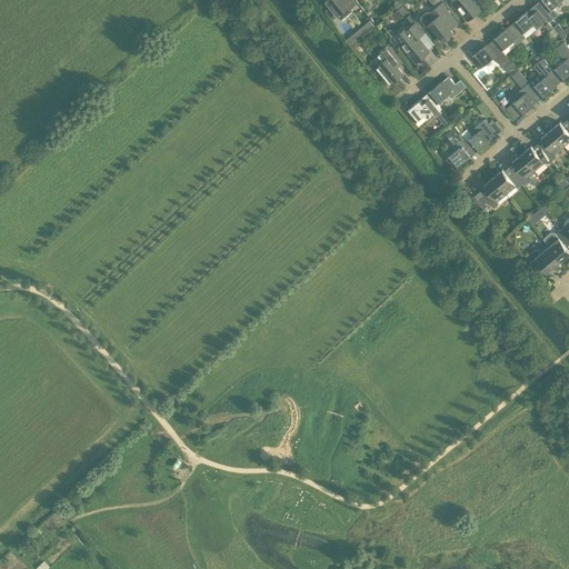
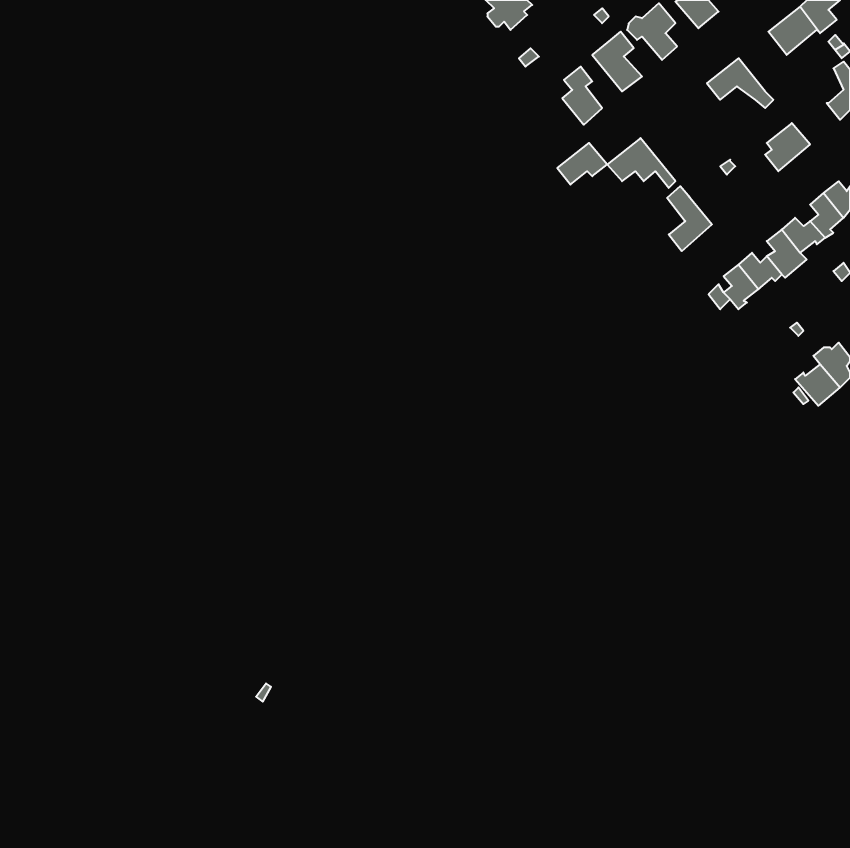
building: [493,22,526,62] -> none
building: [529,58,561,98] -> none
building: [428,77,461,104] -> [557,143,607,185]
building: [460,120,497,151] -> none

